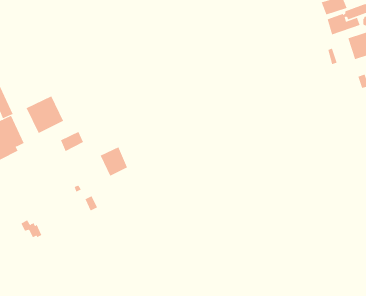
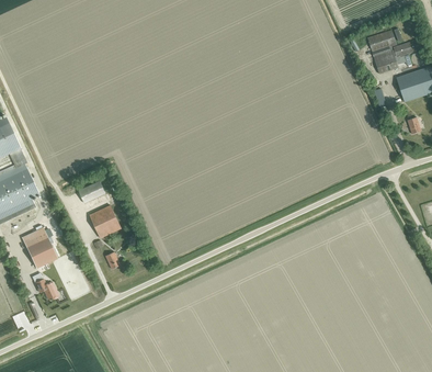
building: [26,95,64,134] -> none
building: [100,147,128,176] -> [89,204,120,237]
building: none -> [21,226,56,268]

